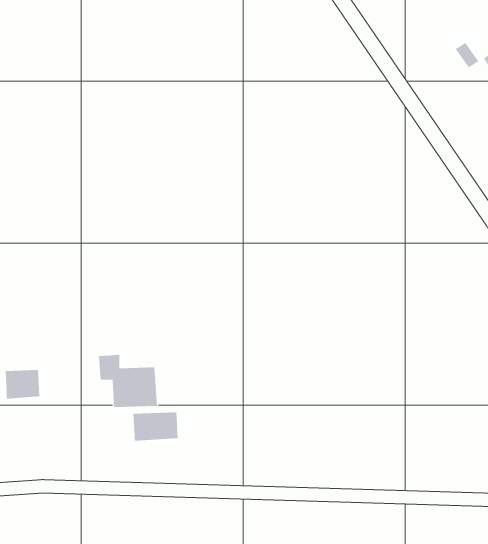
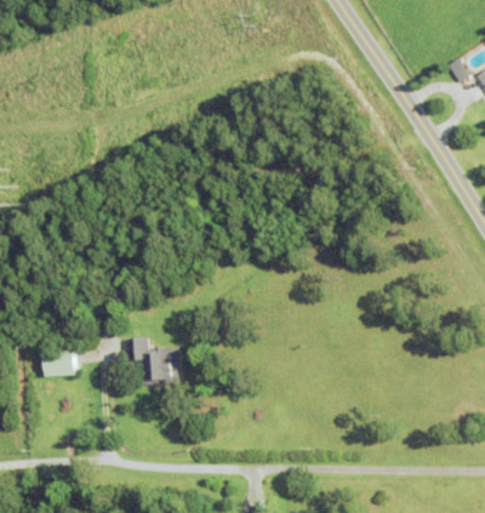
building: [133,412,178,442] -> none

